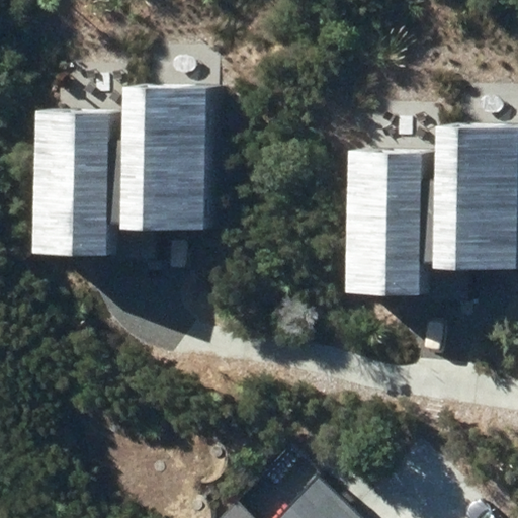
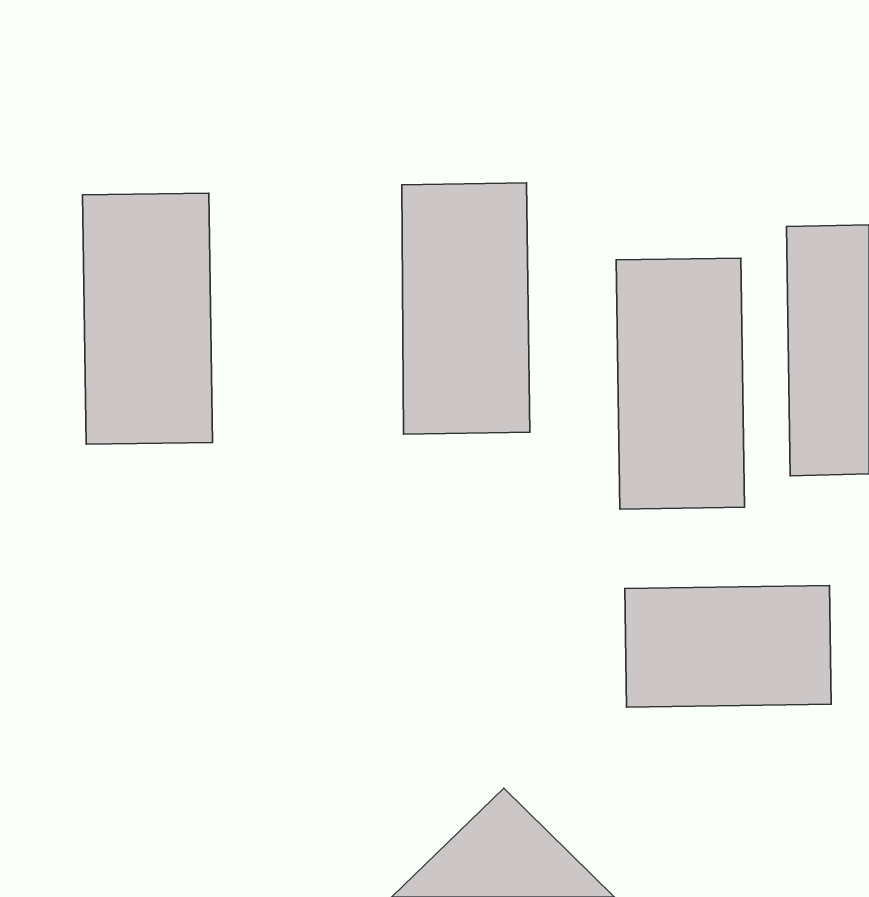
building: [141,87,214,232] -> [402,183,530,434]
building: none -> [625,586,831,707]

